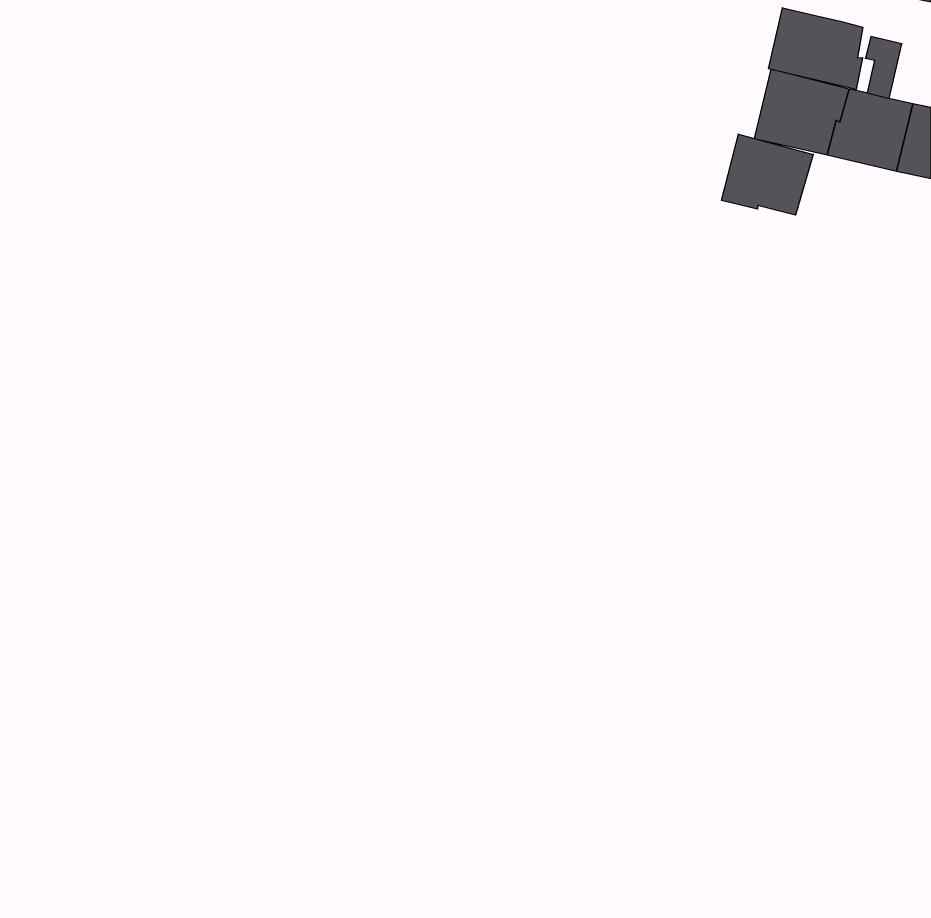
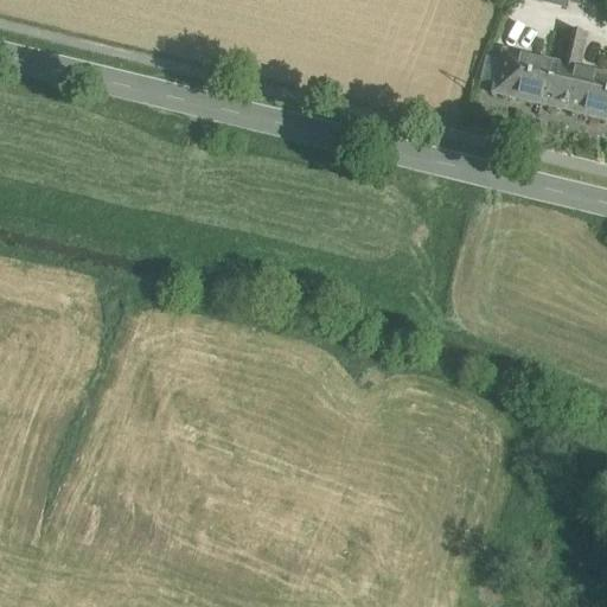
building: [768,8,863,89] -> none
building: [722,134,813,215] -> none

